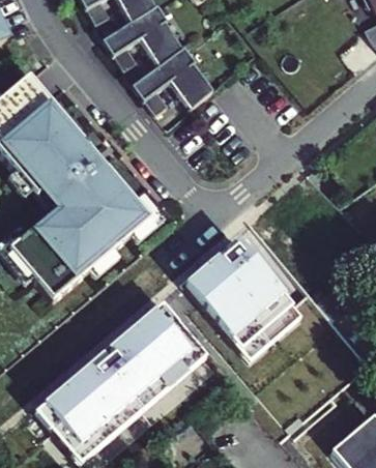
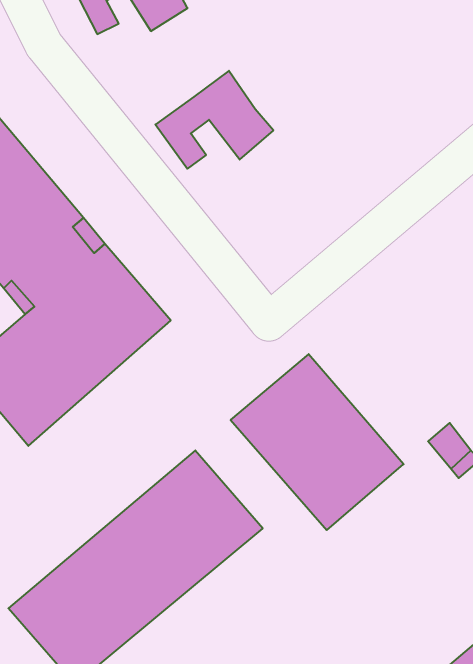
building: [104,6,183,69] -> none

